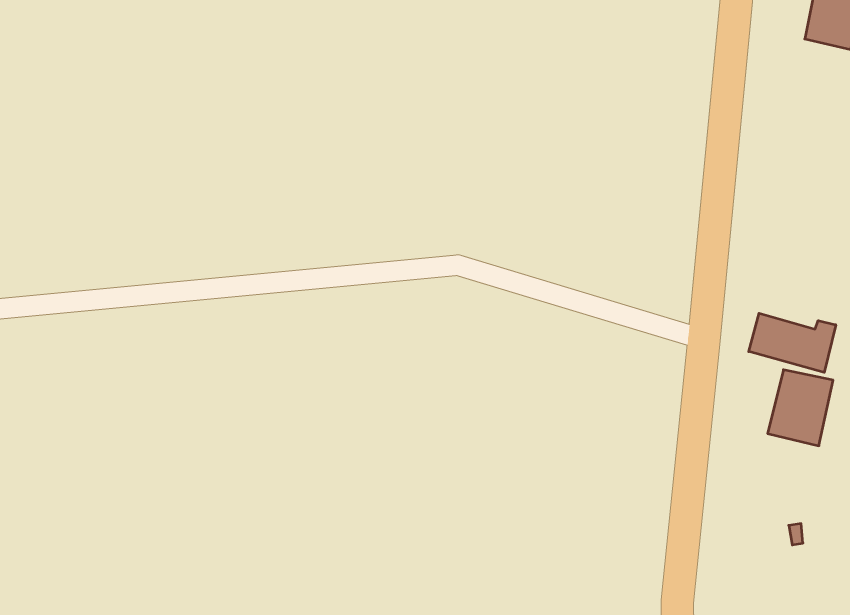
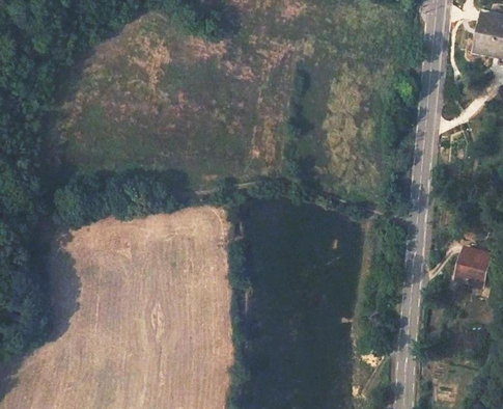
building: [749,313,836,372] -> none

